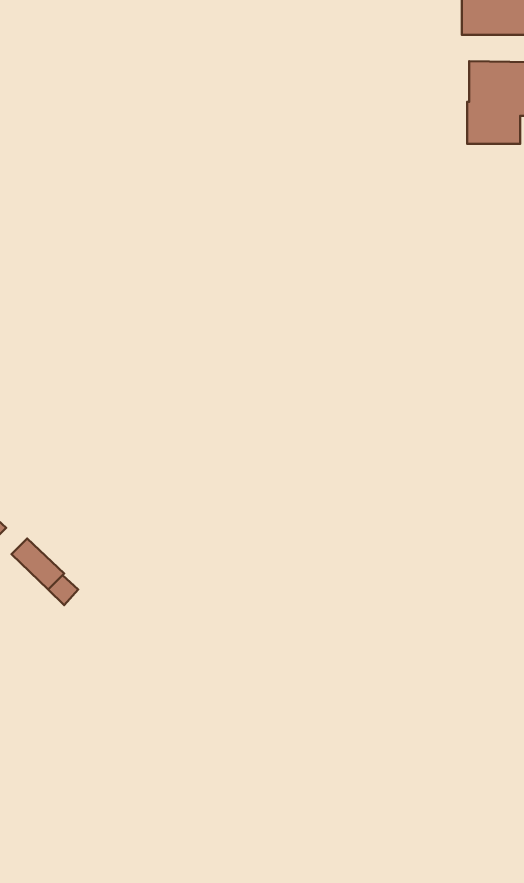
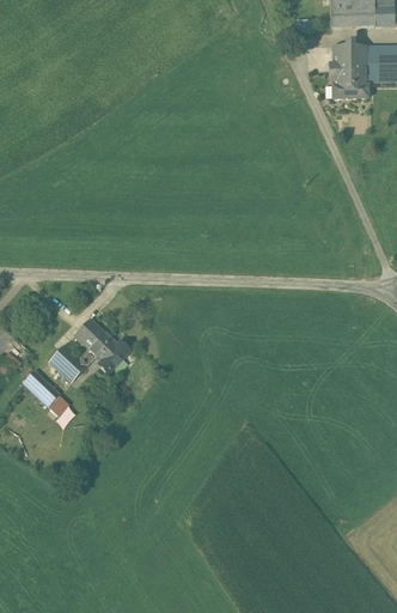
building: none -> [75,317,132,375]
building: none -> [48,342,88,382]

